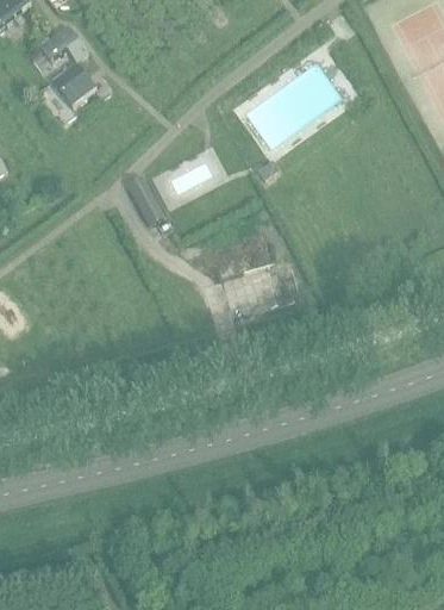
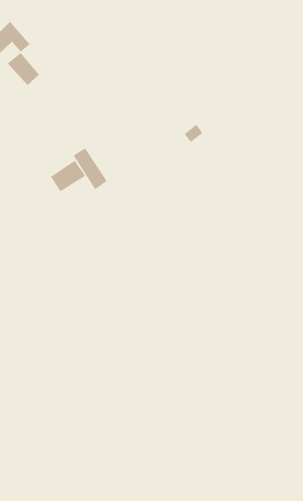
building: none -> [50,160,86,192]

